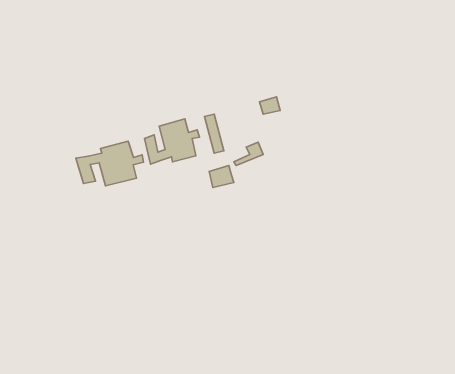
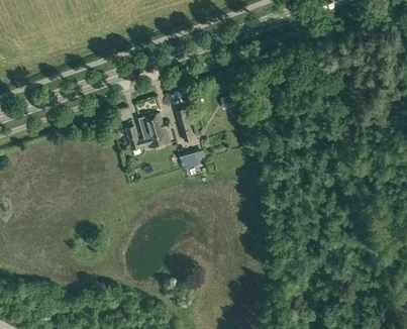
building: [76,141,143,186] -> none

